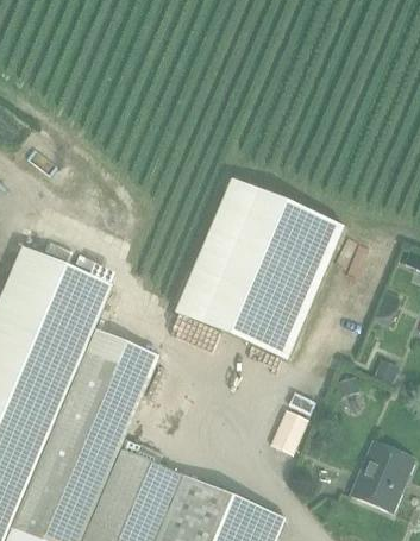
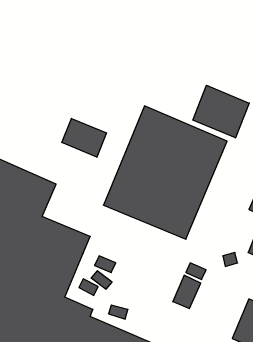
building: none -> [193,85,249,138]
building: none -> [62,118,107,157]

